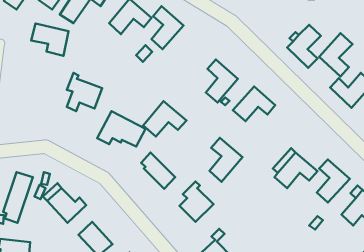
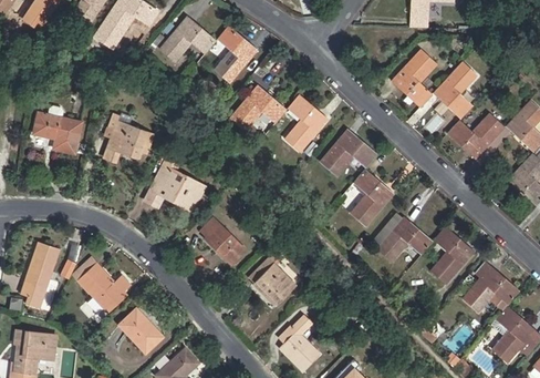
building: [31,24,69,56] -> [33,112,82,154]
building: [143,101,186,137] -> [230,84,287,131]
building: [210,138,243,182] -> [351,168,394,226]

